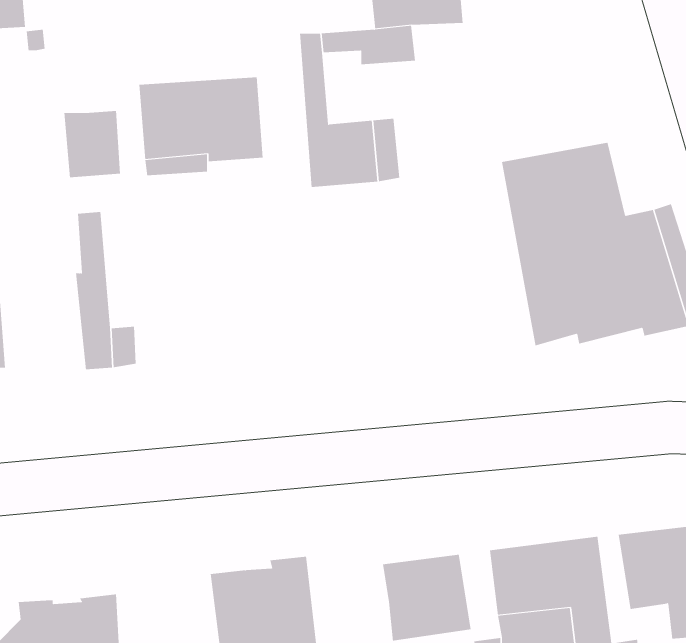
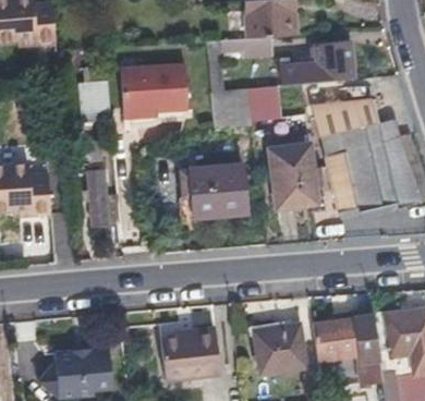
building: none -> [294,42,352,84]
building: none -> [269,144,315,207]
building: none -> [179,166,245,216]

